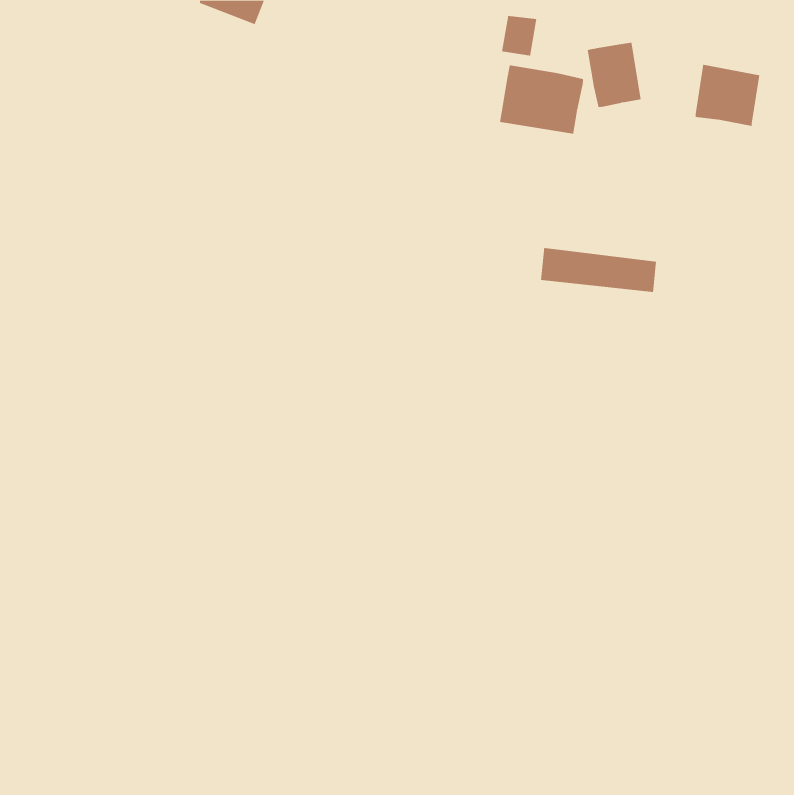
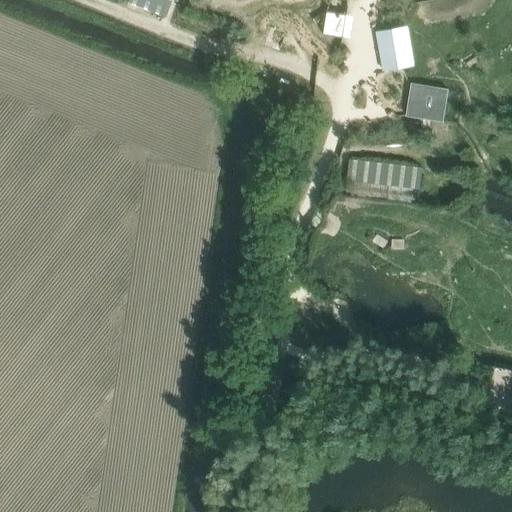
building: [695,64,760,127] -> [406,82,448,122]
building: [500,65,583,134] -> none

